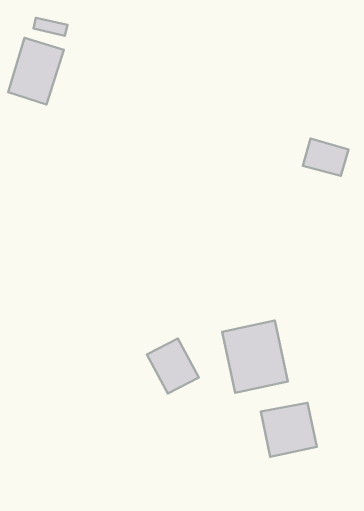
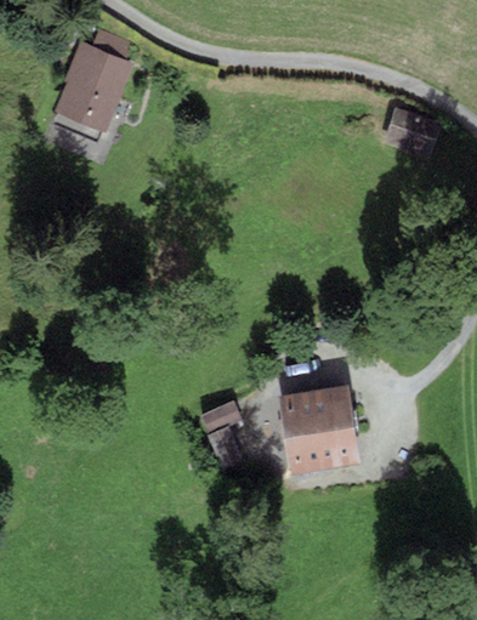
building: [303,138,349,176] -> [386,108,439,153]
building: [261,403,317,457] -> none

